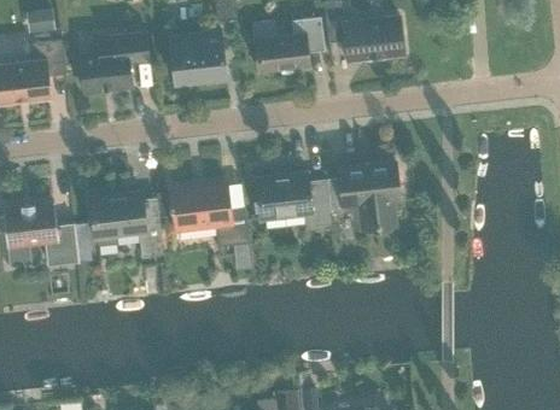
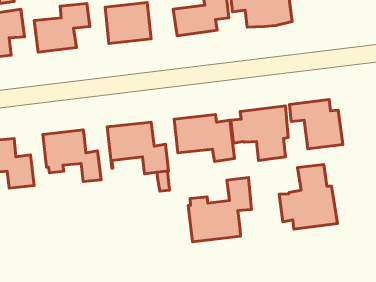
building: none -> [289,100,343,149]
building: none -> [279,165,338,229]
building: none -> [188,177,252,242]

